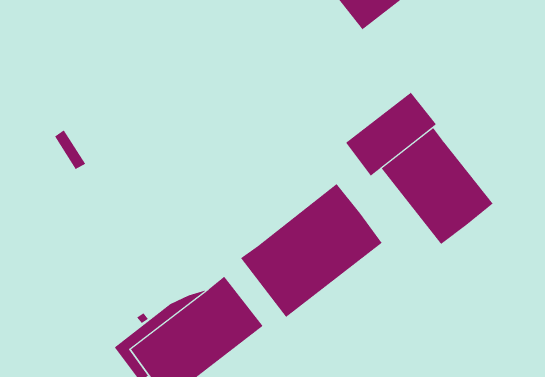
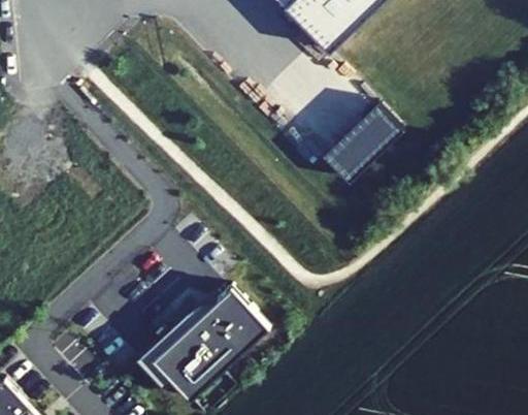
building: [381,127,494,245] -> none
building: [240,183,383,318] -> none

